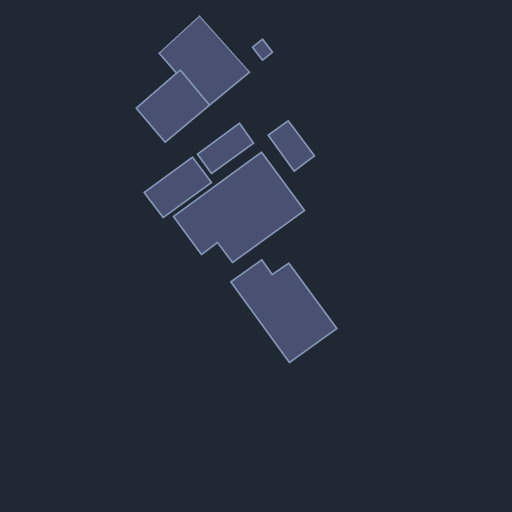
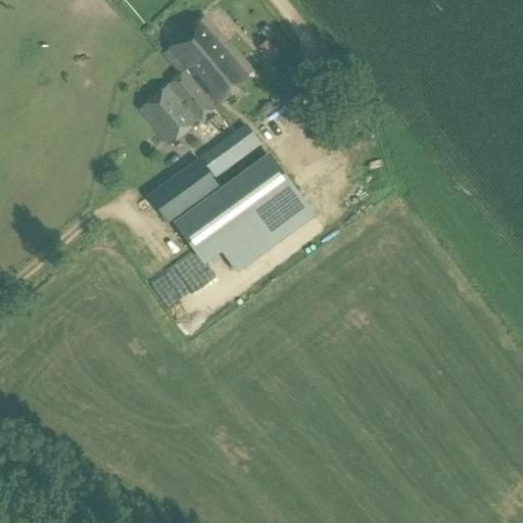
building: [268,121,315,171] -> none
building: [231,260,337,362] -> none

